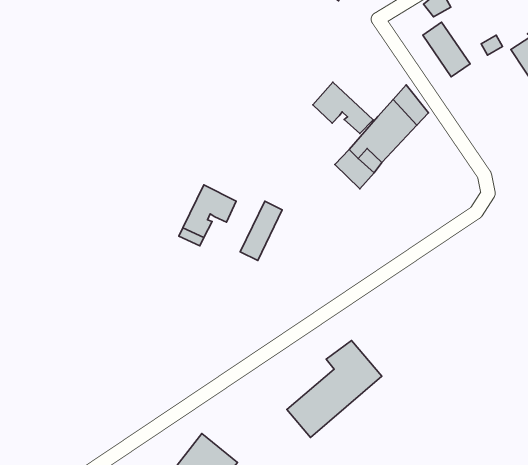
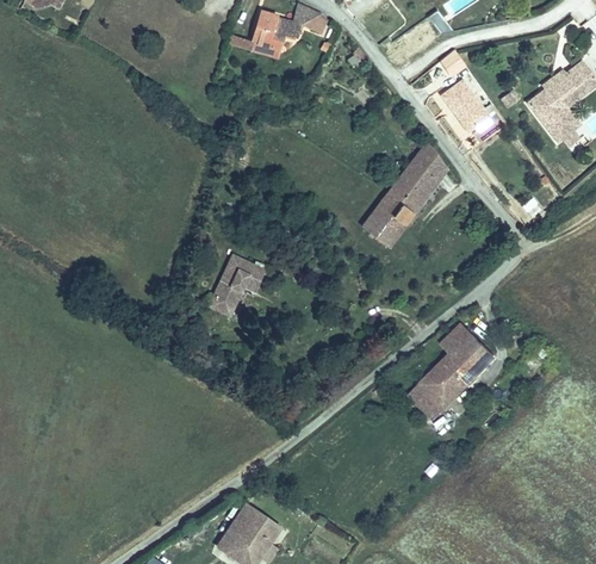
building: [313,82,373,133] -> none
building: [240,201,282,260] -> none
building: [287,340,382,438] -> [404,326,496,424]

